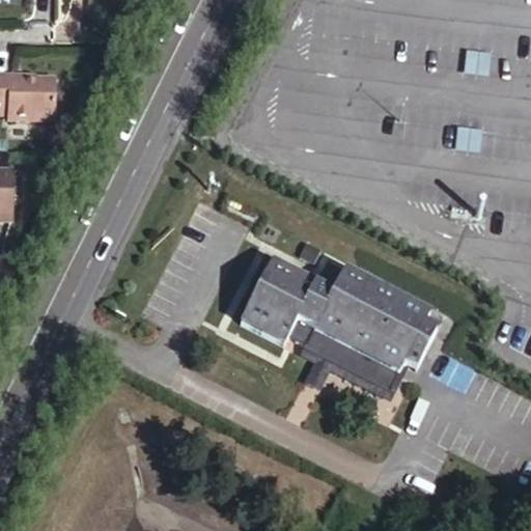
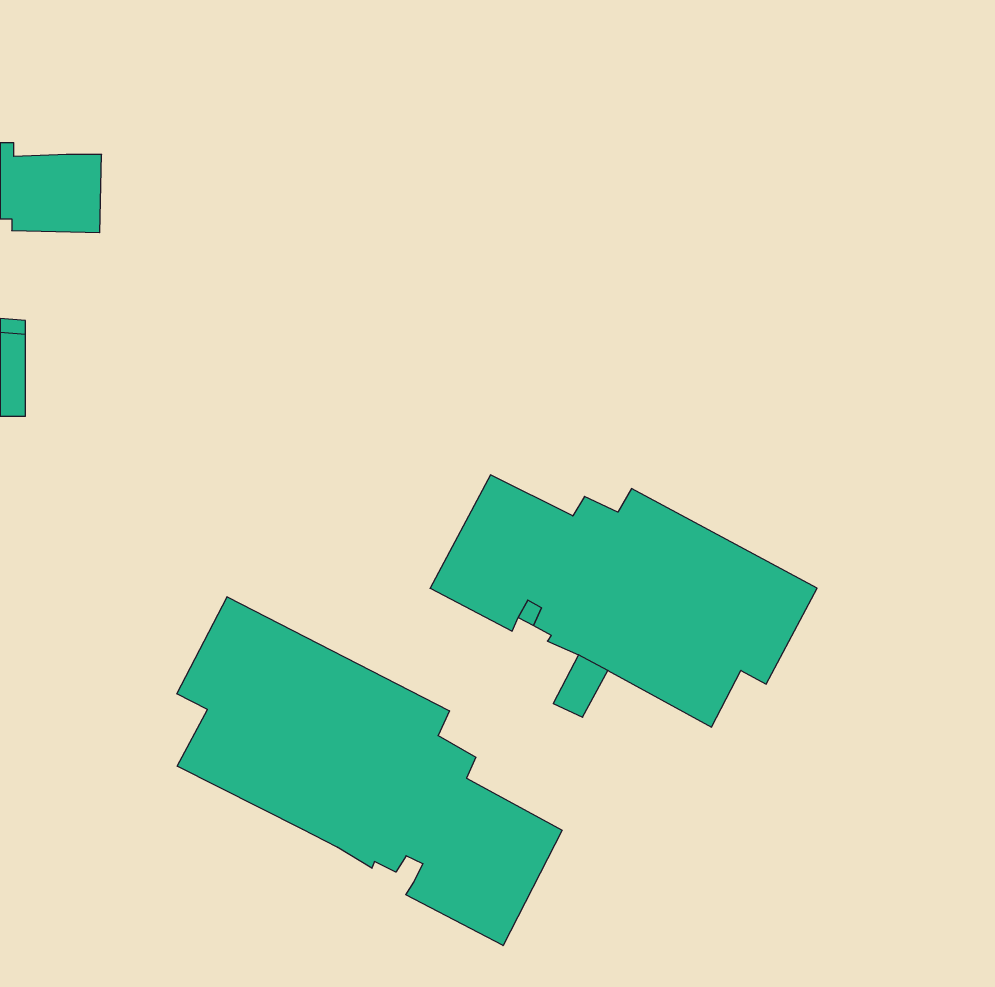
building: none -> [177,597,562,946]

